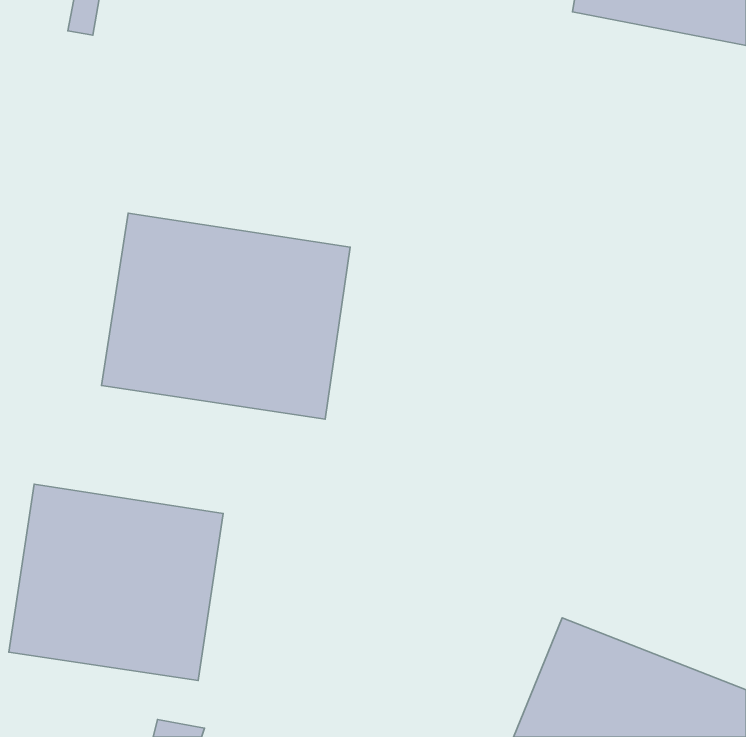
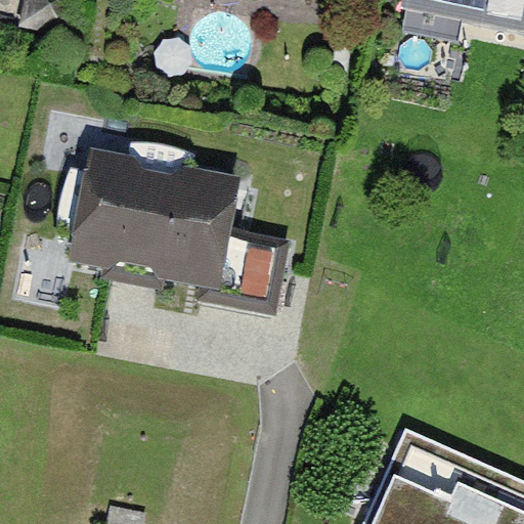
building: [9,484,223,681] -> none

